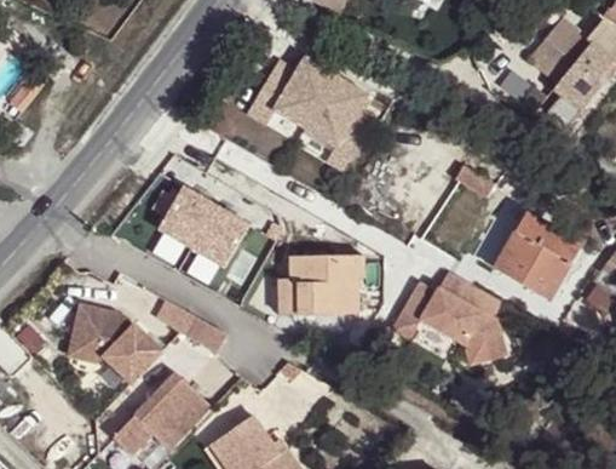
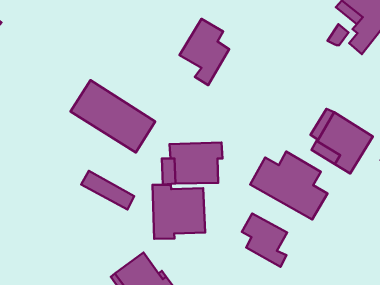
building: [246,58,334,130] -> none
building: [65,307,209,456] -> none
building: none -> [153,185,205,239]
building: none -> [242,214,287,267]

